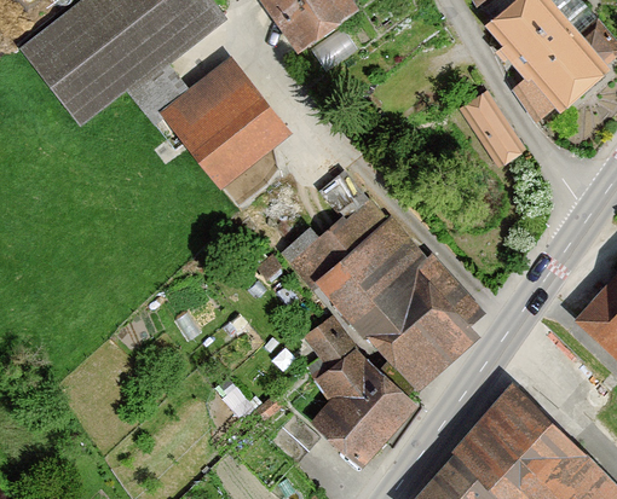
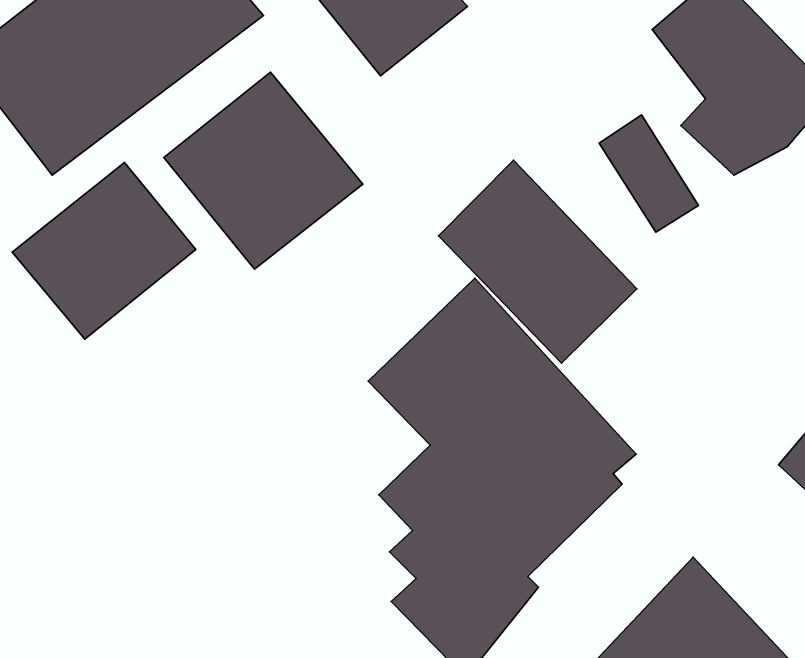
building: none -> [438,160,637,363]
building: none -> [12,163,196,339]

